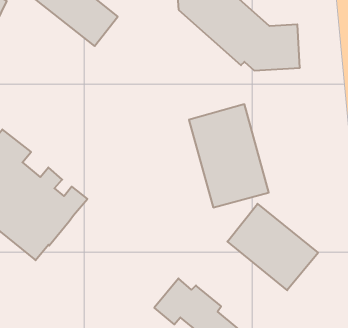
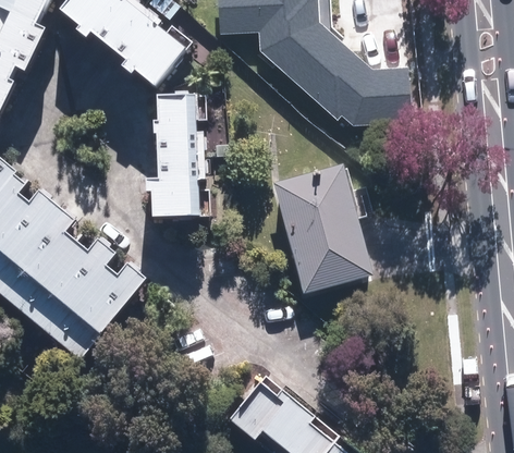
building: none -> [149,96,198,218]
building: [227,204,318,290] -> none

